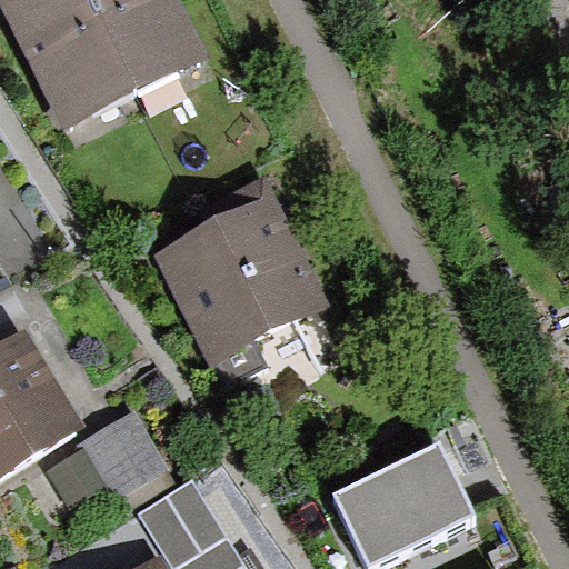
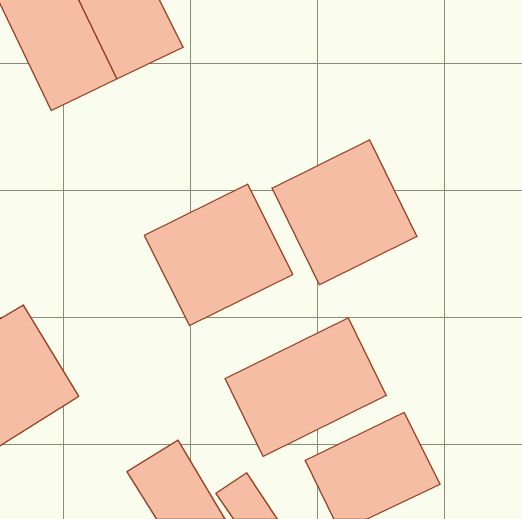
building: none -> [272,140,417,285]
building: none -> [225,318,386,456]
building: [48,409,170,509] -> none

